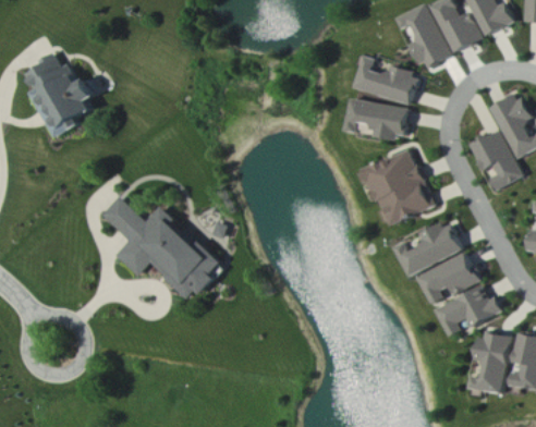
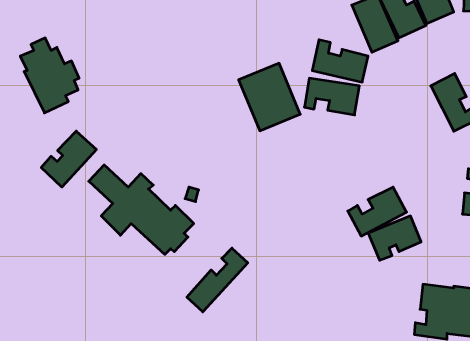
building: [468,129,522,190] -> none
building: [365,149,435,225] -> [239,63,300,131]
building: none -> [41,131,96,187]
building: [436,286,502,337] -> none
building: none -> [187,248,248,312]

